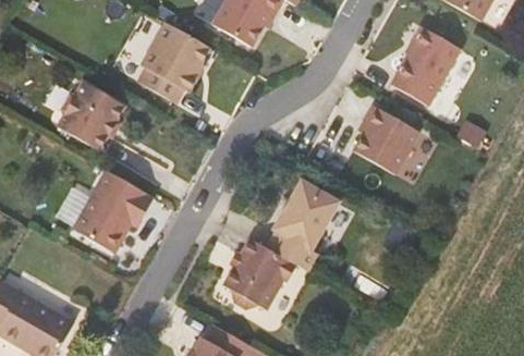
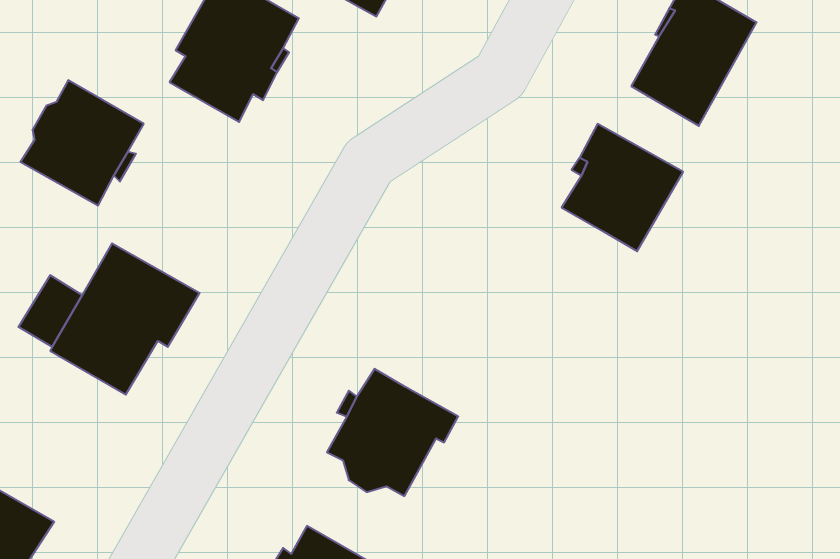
building: [267,180,339,270] -> none

